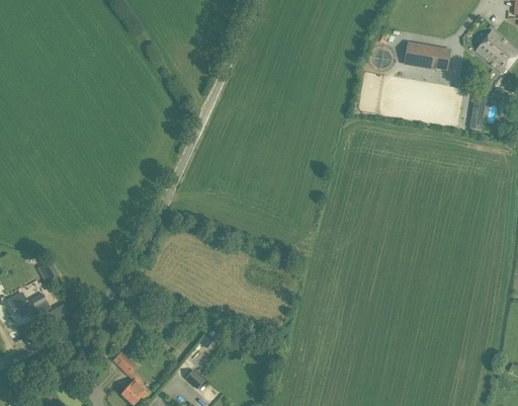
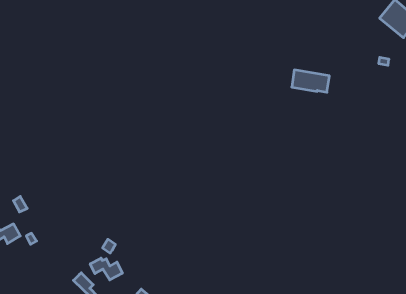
building: [404,43,448,69] -> [292,70,329,92]
building: none -> [90,258,122,280]

